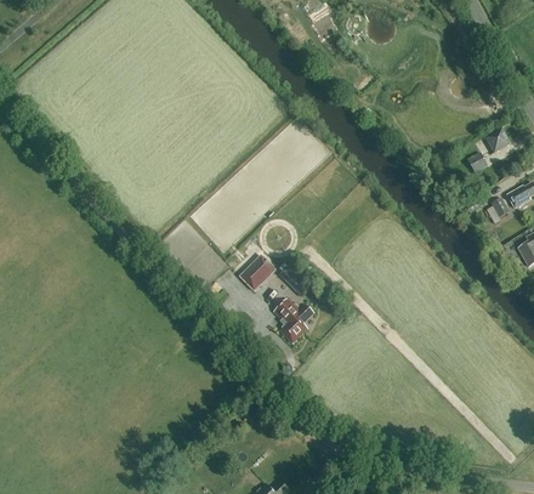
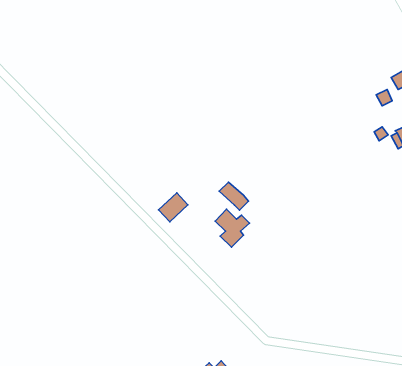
building: [240,256,275,291] -> [159,193,188,222]

